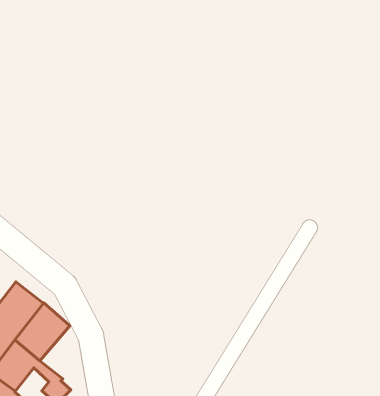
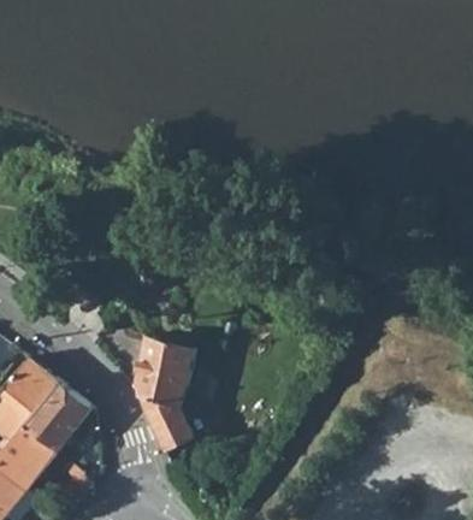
building: none -> [132,336,193,451]

